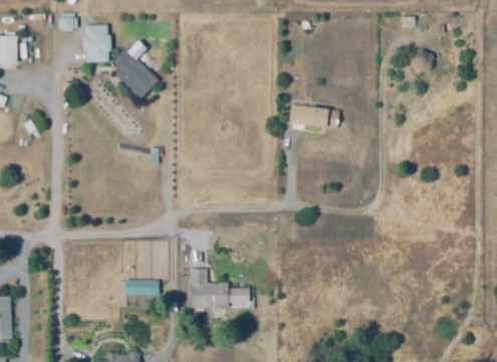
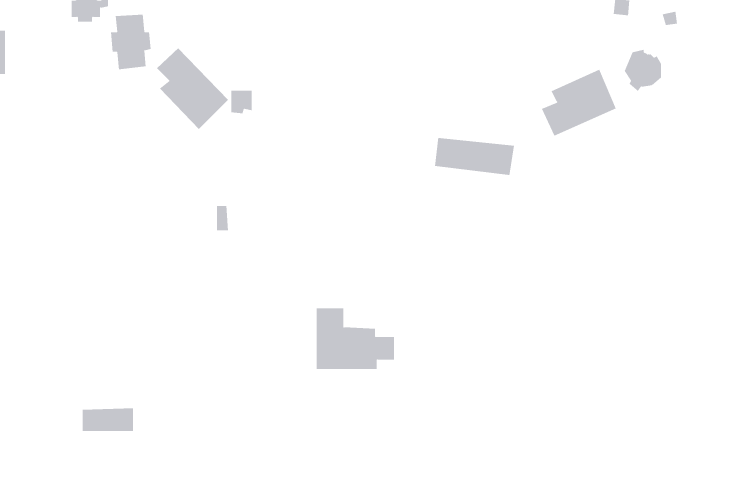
building: none -> [541,69,617,137]
building: [190,270,240,309] -> [316,308,395,370]
building: [126,280,159,295] -> [82,408,134,432]

